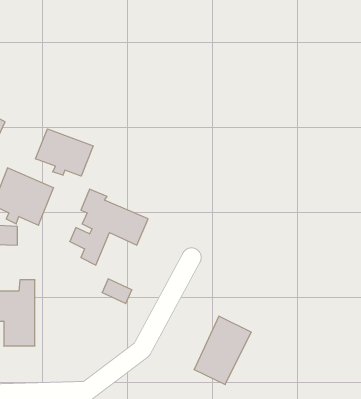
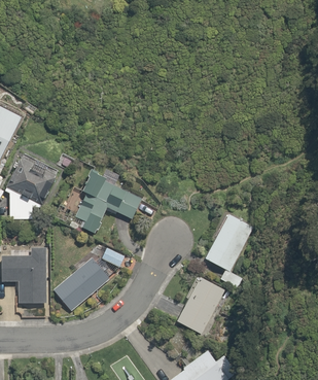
building: [36,129,93,176] -> none
building: none -> [205,212,253,286]
building: none -> [52,256,111,311]

